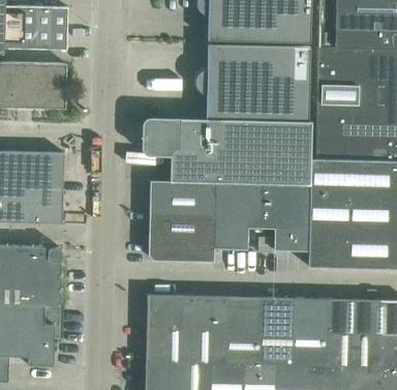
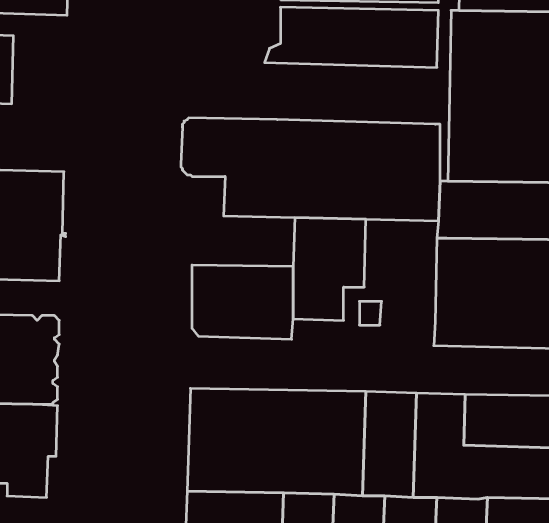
building: [30,63,65,109] -> none
building: [194,81,308,121] -> none
building: [148,180,215,214] -> none
building: [261,183,309,250] -> none

